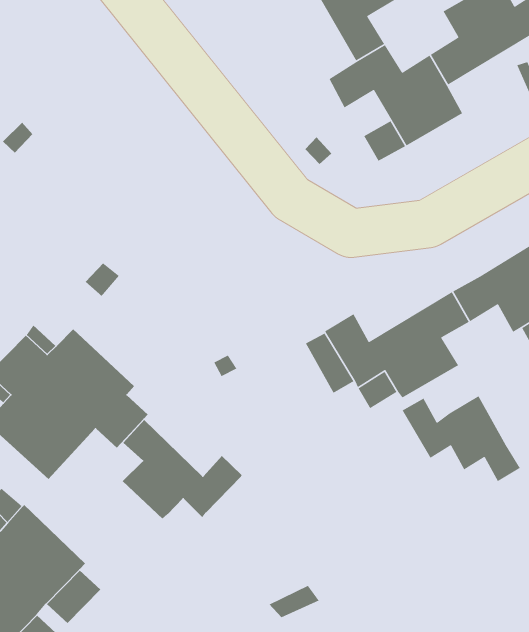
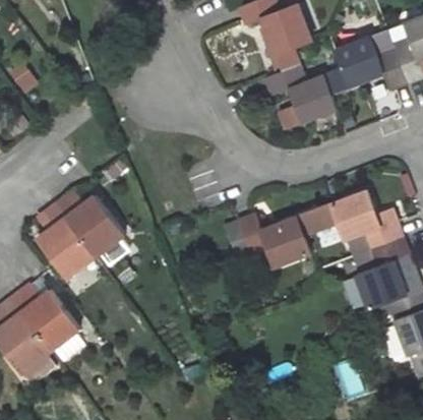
building: [401,395,521,482] -> none
building: [122,419,243,519] -> none

